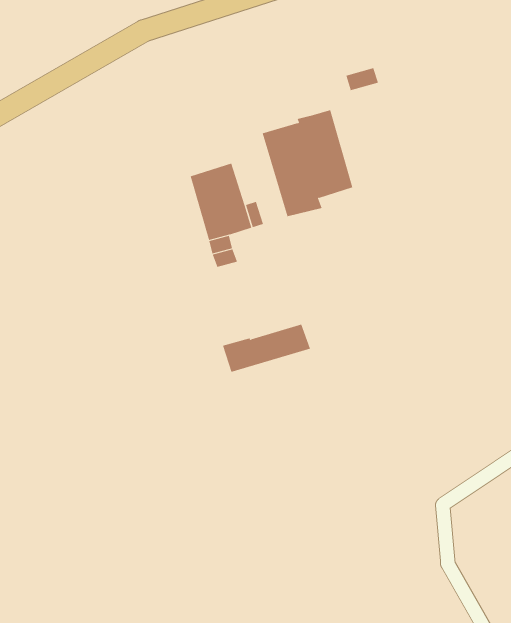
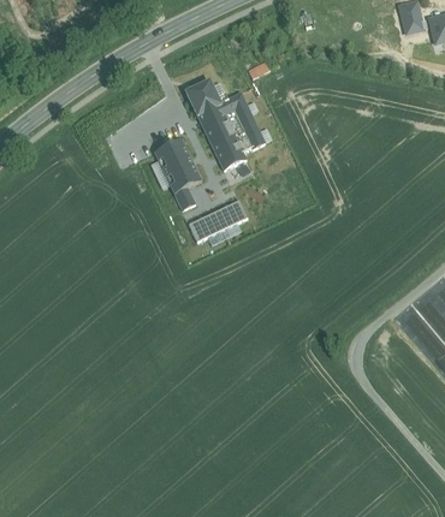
building: none -> [186,81,227,115]
building: [222,324,311,372] -> [188,201,247,240]

